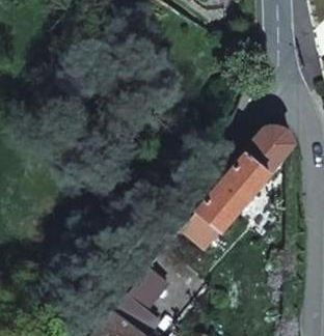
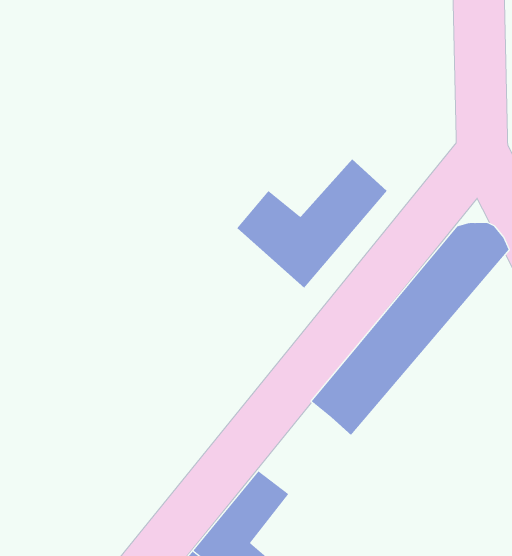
building: none -> [236,159,387,289]

